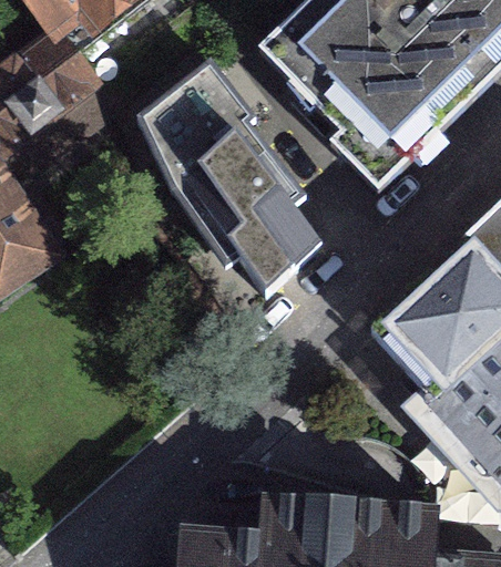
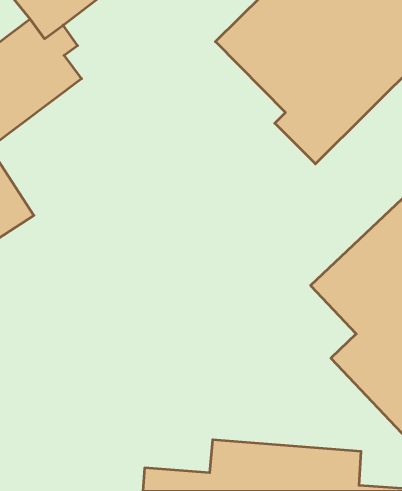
building: [142,58,320,291] -> none

